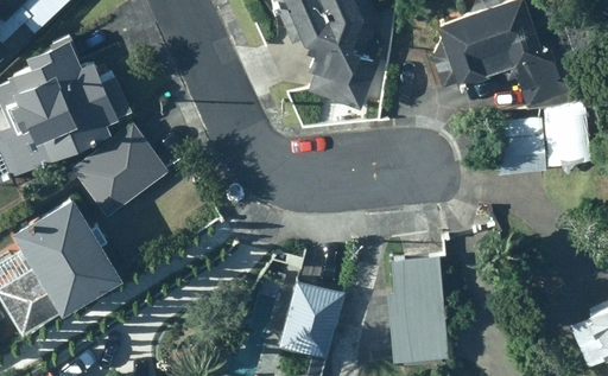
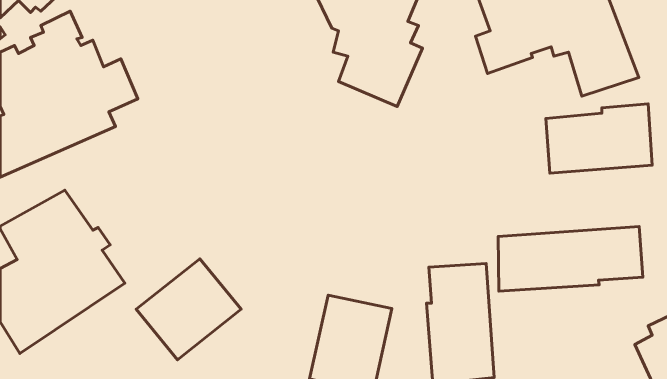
building: [76,132,170,222] -> [136,259,241,360]
building: none -> [498,227,643,291]

